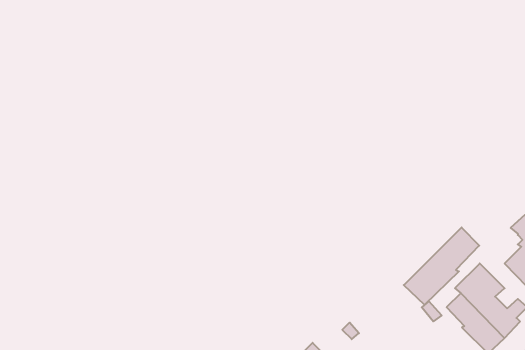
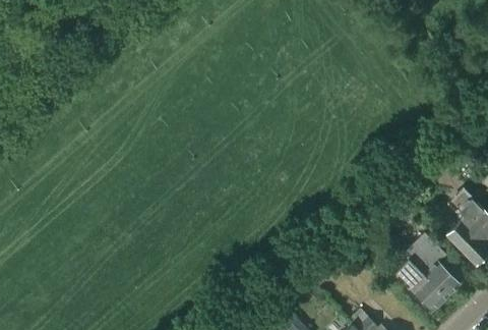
building: [404,227,479,305] -> none

